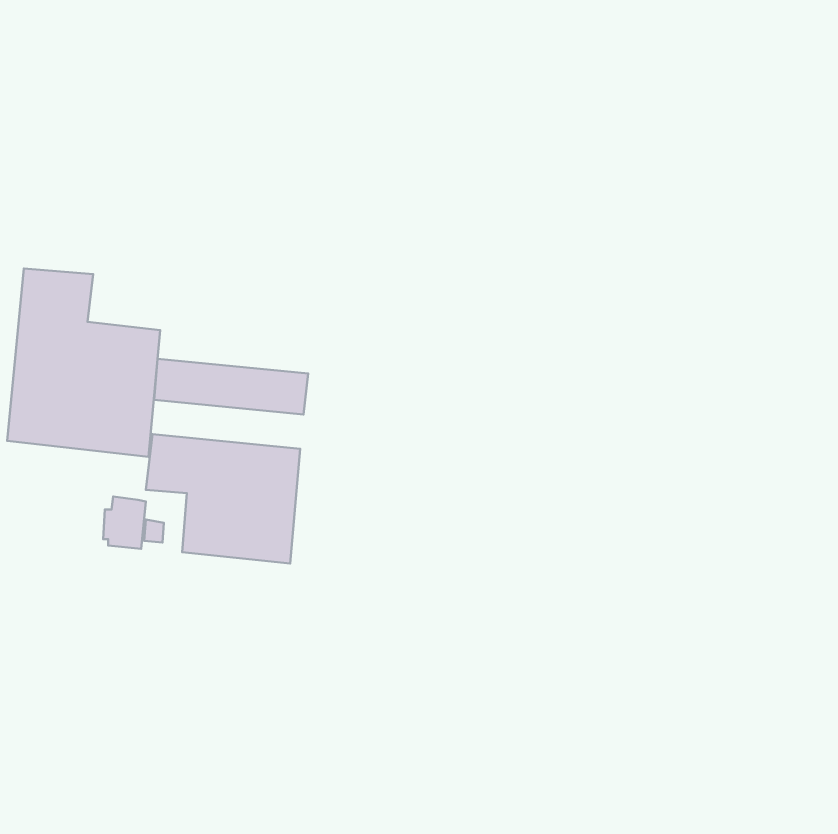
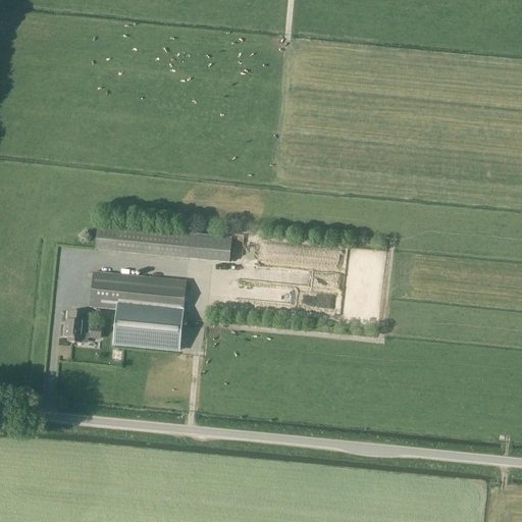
building: [7,268,160,457] -> none
building: none -> [189,232,232,261]

